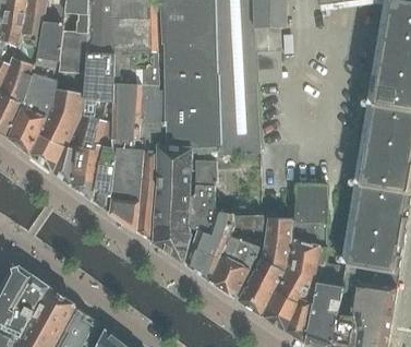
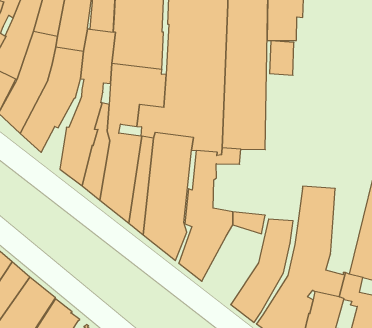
building: [50,117,83,184] -> none
building: [208,236,258,297] -> none

